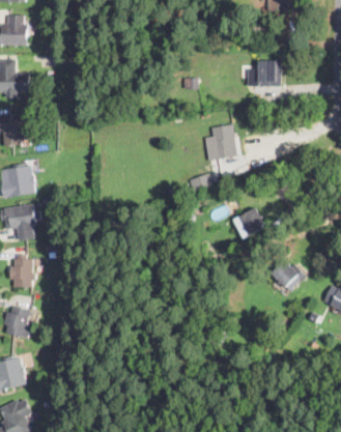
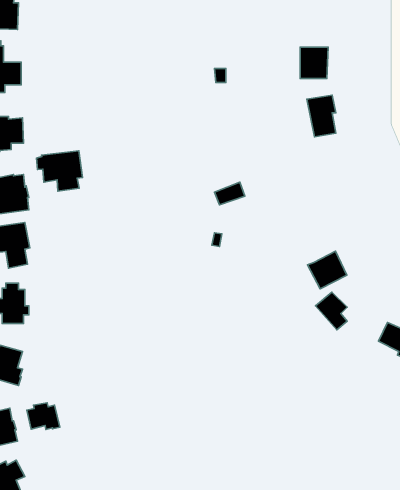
building: [210,124,234,159] -> [307,95,336,137]
building: none -> [36,151,82,191]
building: [233,207,265,238] -> [308,251,347,289]
building: none -> [27,403,60,430]

